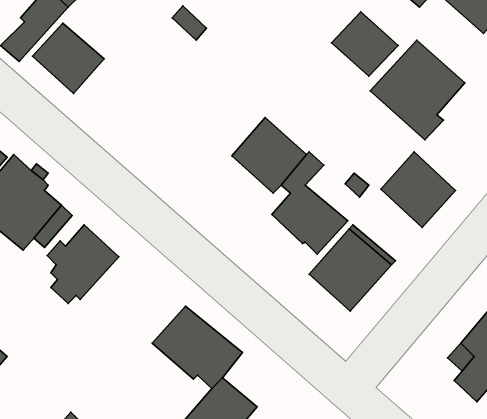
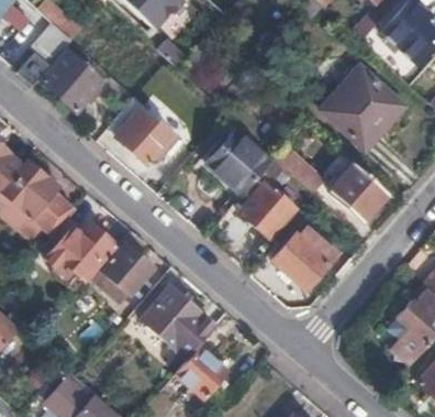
building: [331,12,398,76] -> none
building: none -> [108,95,180,162]
building: none -> [103,231,153,294]

